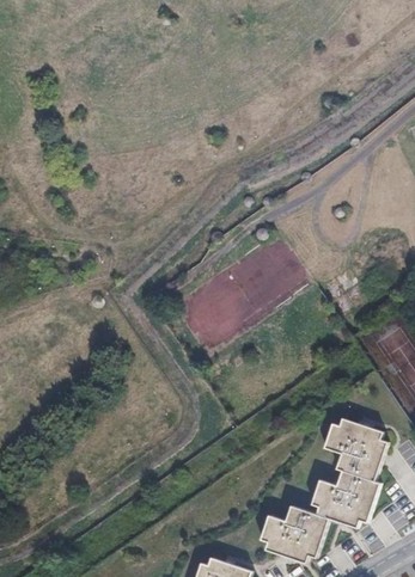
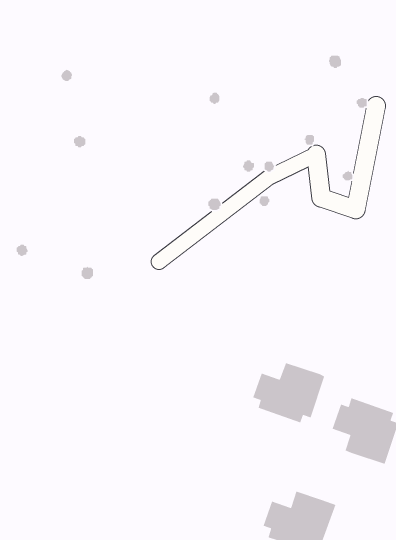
building: [311,471,379,528] -> [252,362,325,423]

